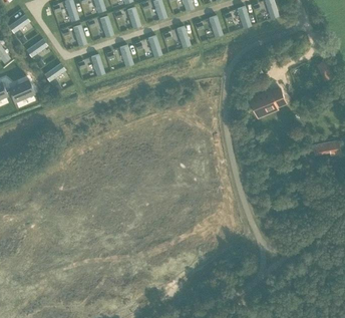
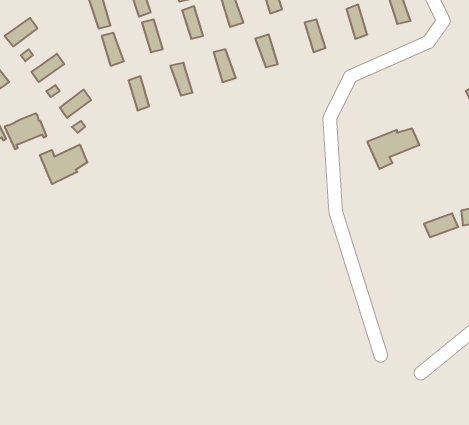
building: none -> [40,145,87,184]

